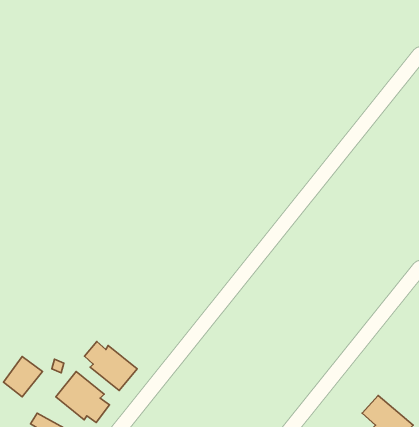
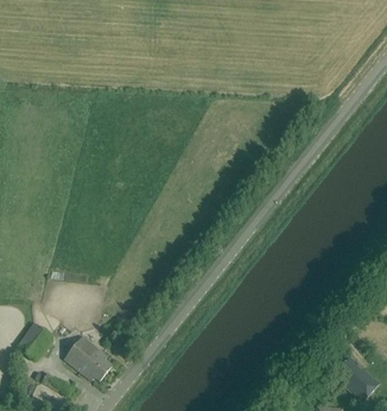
building: [84,342,137,391] -> none

